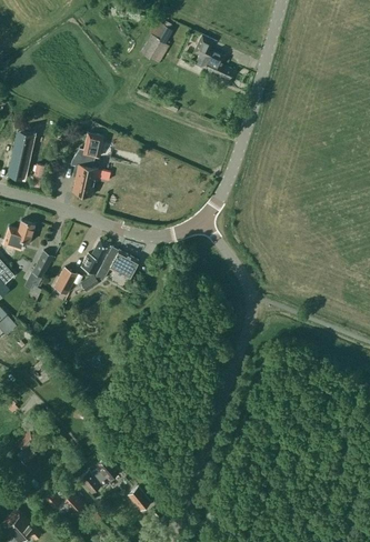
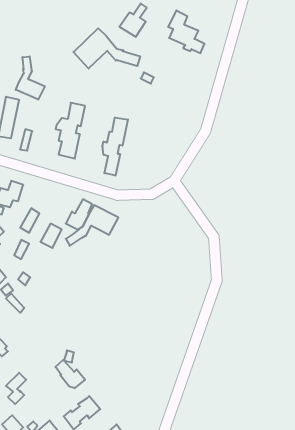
building: none -> [73,28,140,69]
building: none -> [16,56,45,100]
building: none -> [103,117,128,176]
building: none -> [55,360,85,388]

